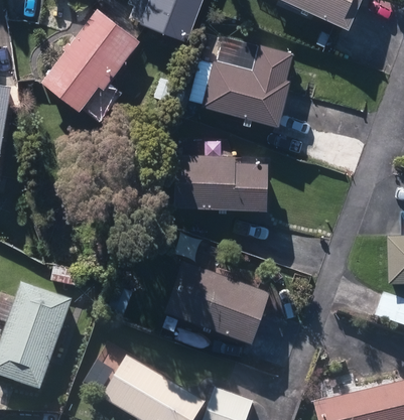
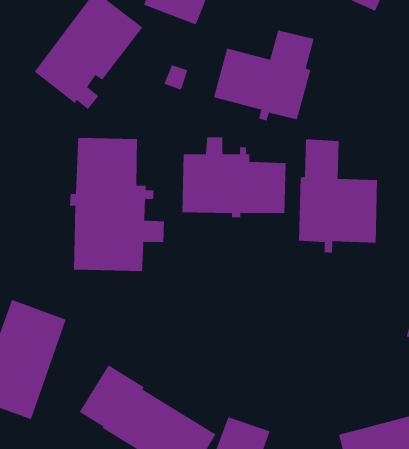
building: none -> [70,137,165,272]
building: none -> [299,139,378,253]
building: [164,259,269,339] -> none

